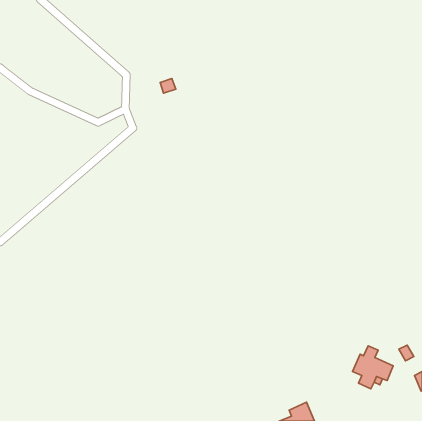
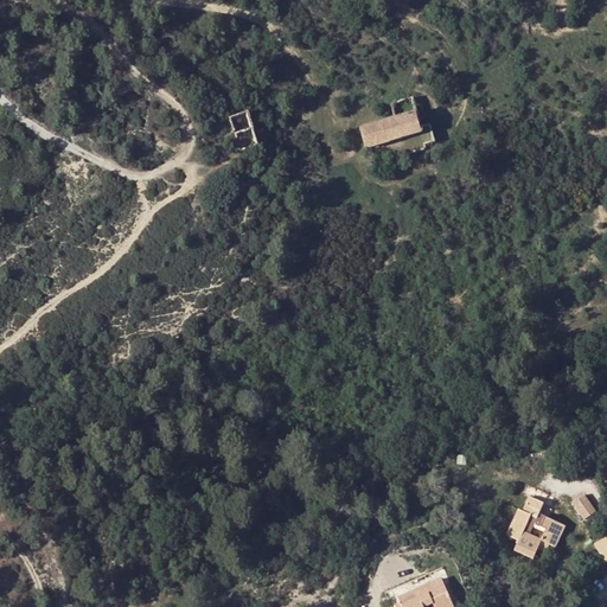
building: none -> [360,98,420,147]

